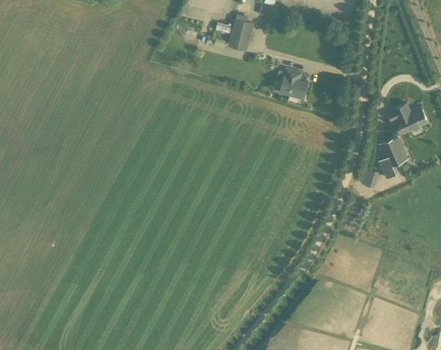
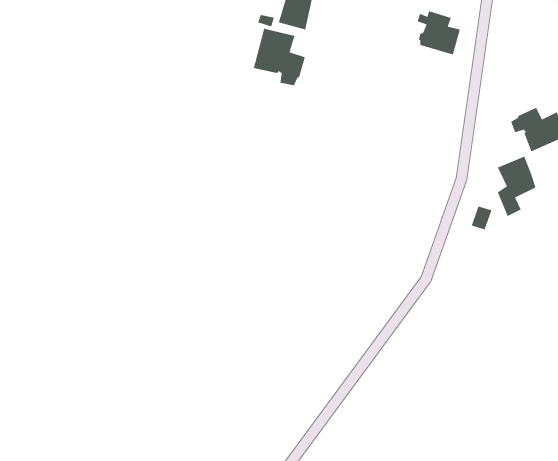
building: none -> [253,28,306,86]
building: [277,68,308,99] -> [417,10,461,56]

